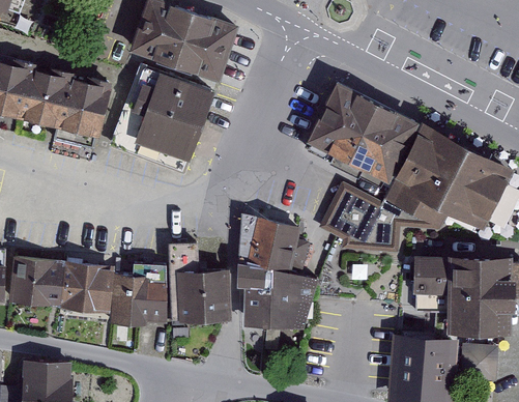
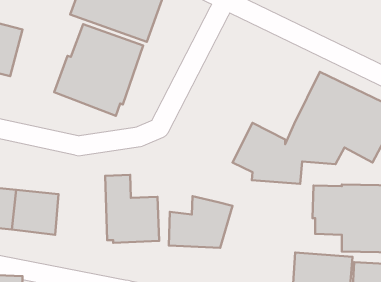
building: [57,73,113,139] -> none
building: [307,81,421,186] -> none
building: [237,213,309,290] -> none
building: [110,263,166,326] -> none

